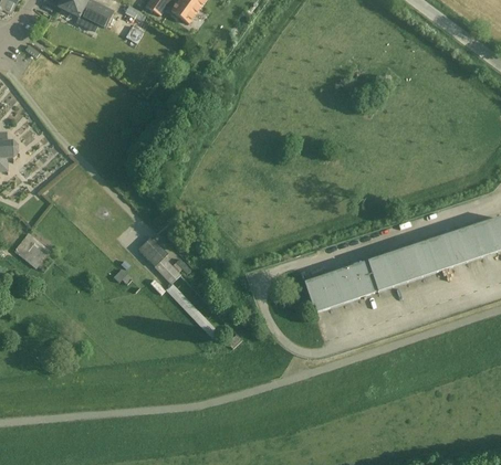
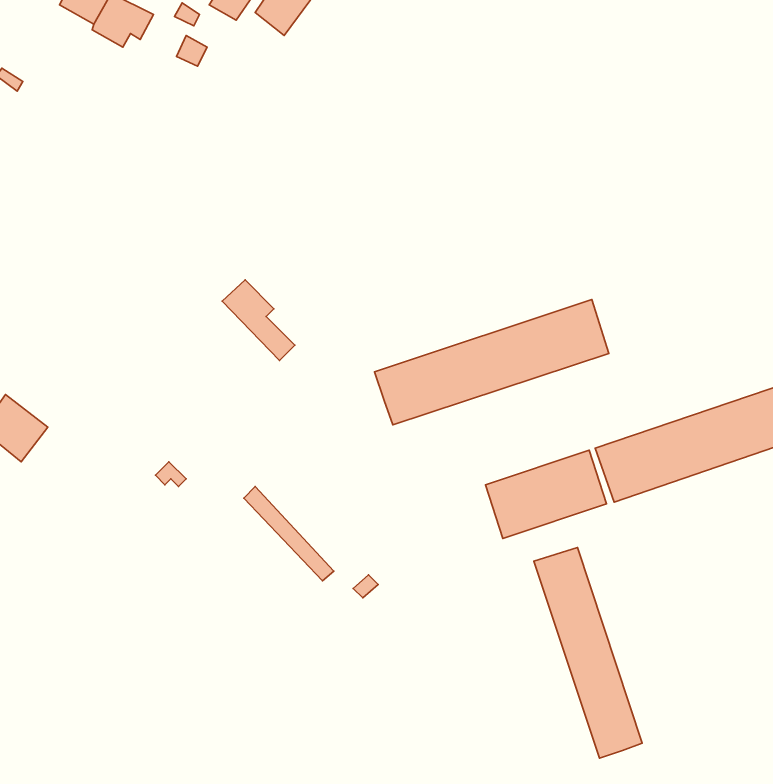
building: none -> [374,299,609,425]
building: [138,235,180,282] -> [222,280,295,361]
building: none -> [534,548,642,758]

